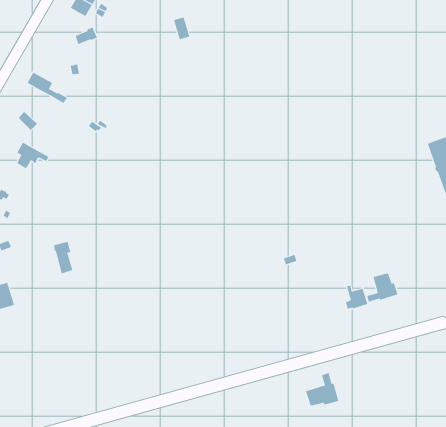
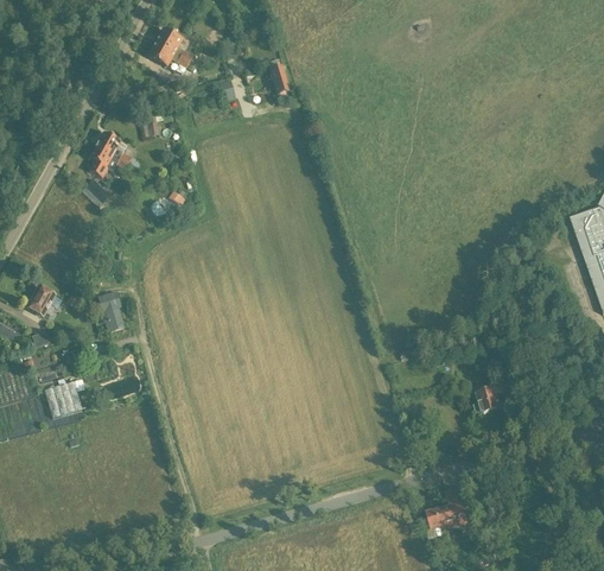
building: [17,142,50,169] -> [89,145,128,177]
building: [53,241,73,274] -> [98,292,122,331]
building: [367,273,398,303] -> none

